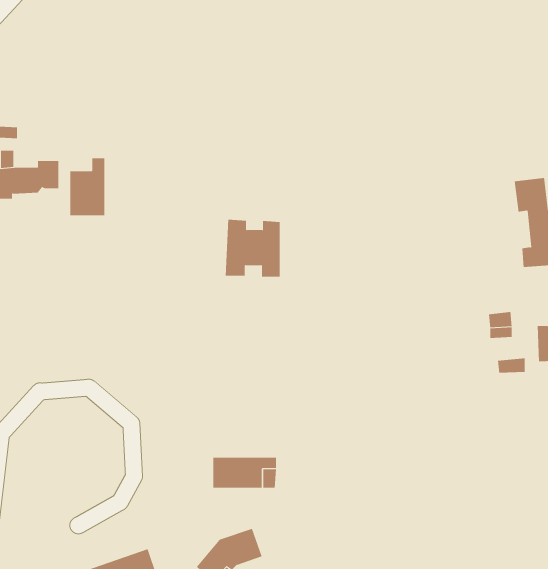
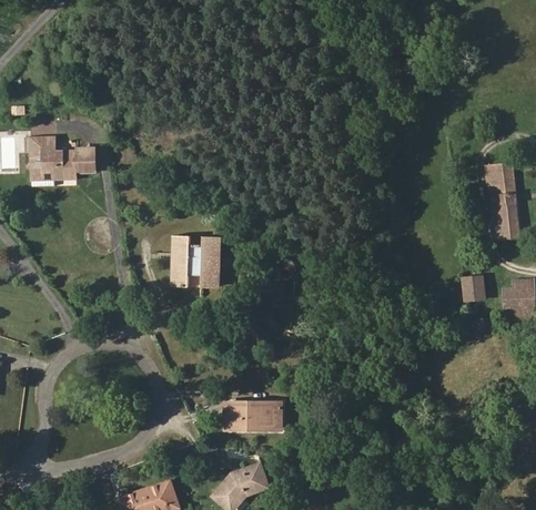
building: [70,158,105,216] -> none
building: [225,219,280,277] -> [171,236,219,286]

